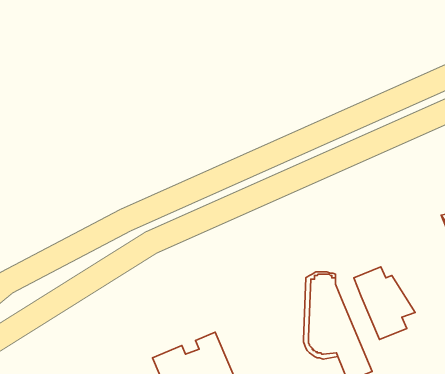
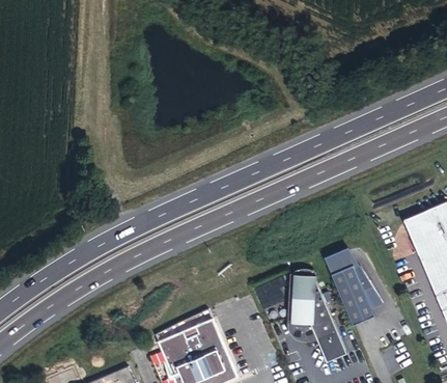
building: none -> [324,247,363,273]

